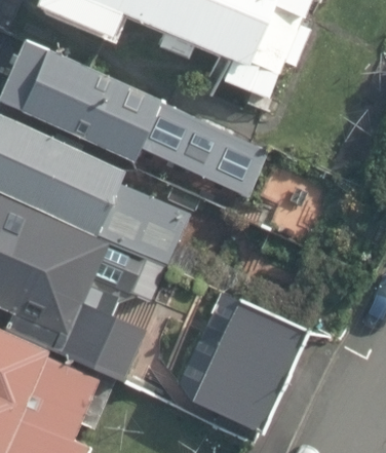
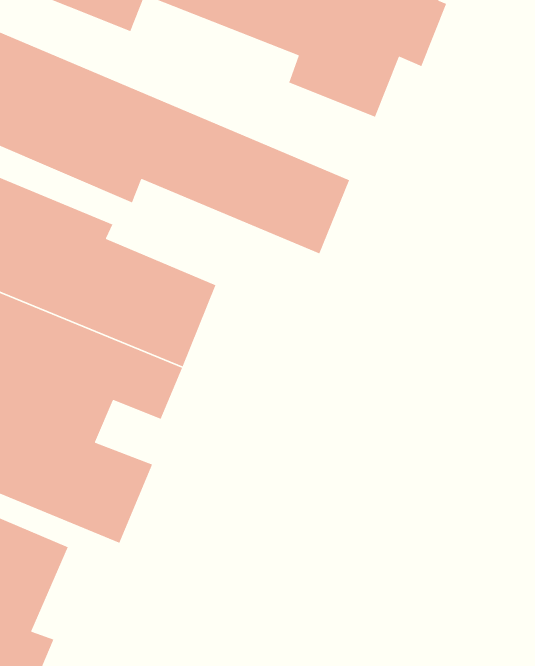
building: [203,302,319,436] -> none

